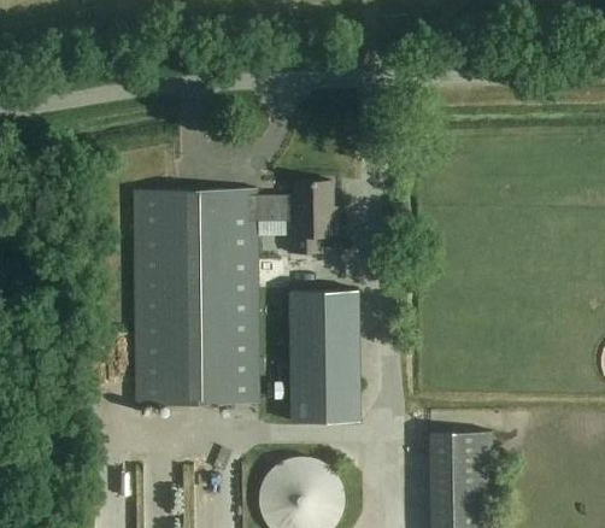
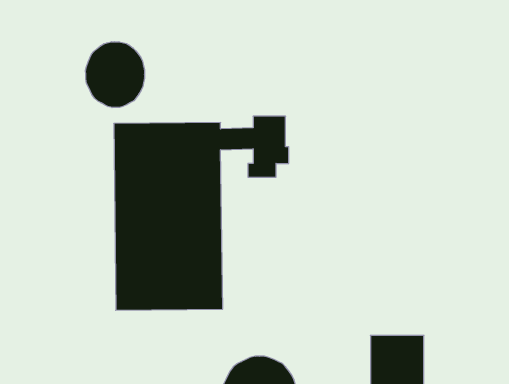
building: none -> [86,42,144,108]
building: [289,292,362,424] -> none

